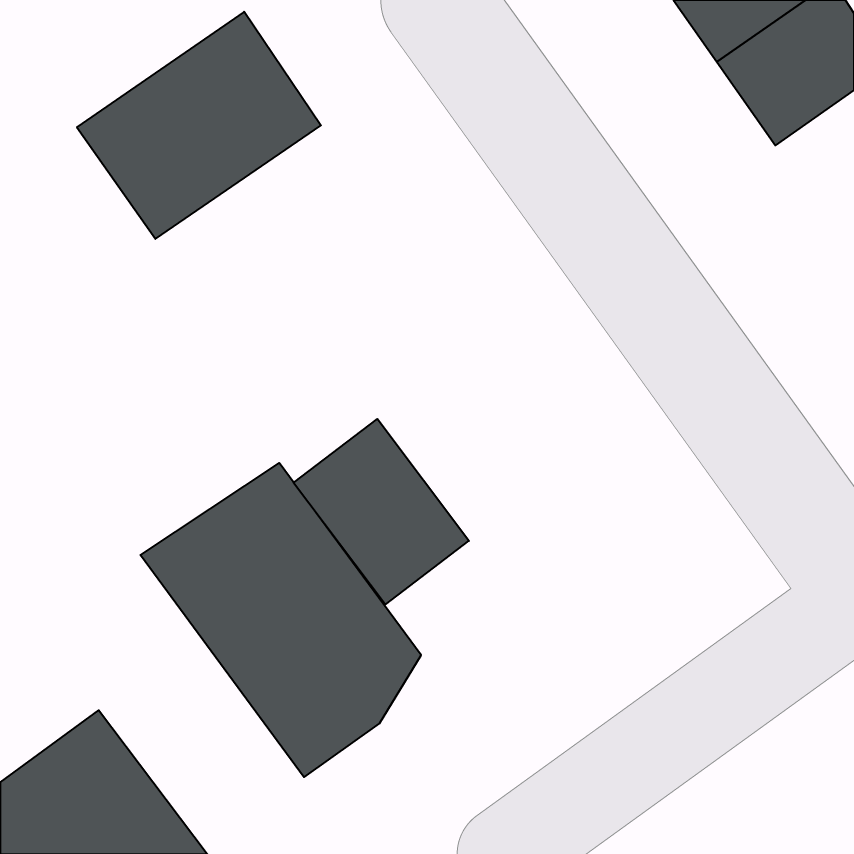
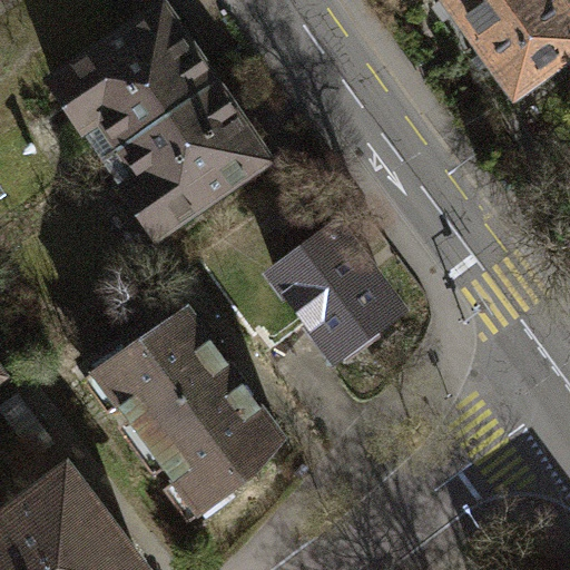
building: none -> [104,83,266,235]
building: [293,419,469,604] -> [276,229,393,353]

